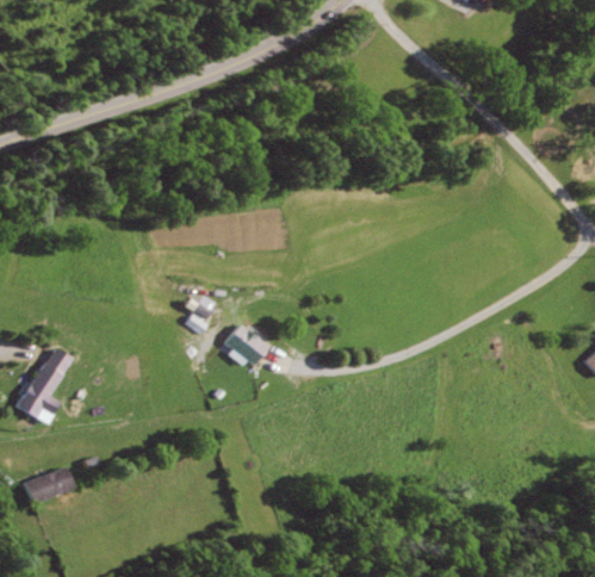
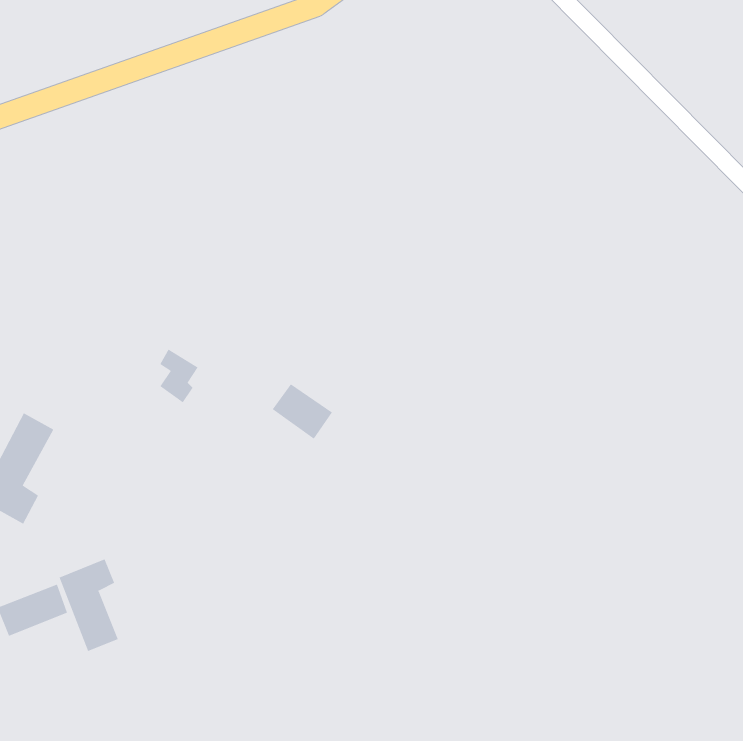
building: [181,297,209,335] -> [160,349,199,403]
building: none -> [59,558,119,652]

